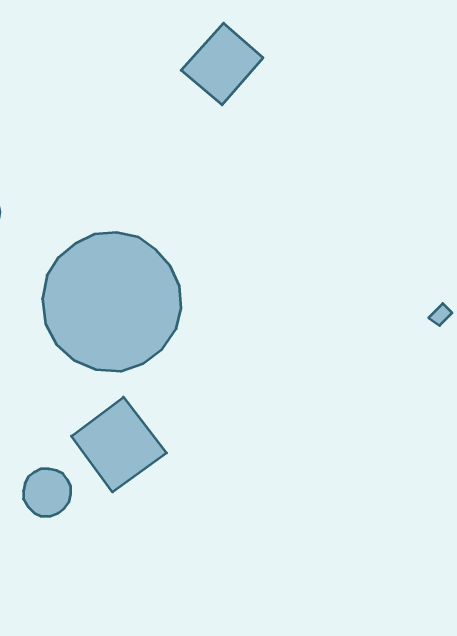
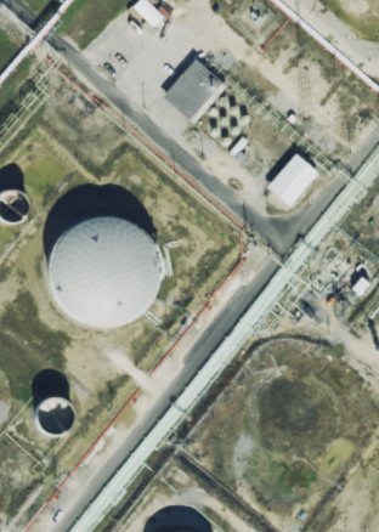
building: none -> [265,151,316,204]
building: [71,397,167,492] -> none

